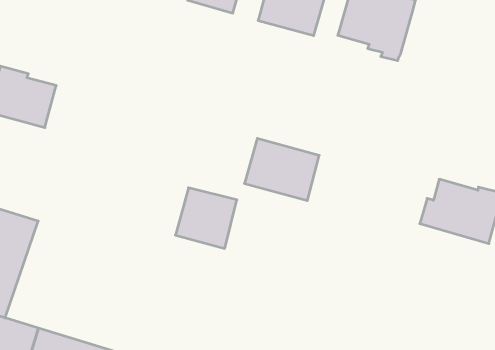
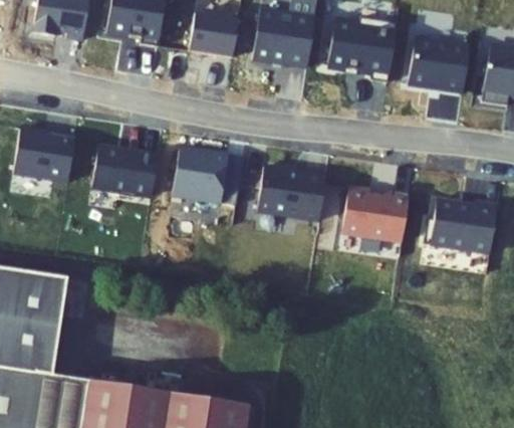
building: none -> [409,40,470,96]
building: none -> [93,149,158,199]
building: none -> [341,190,409,244]
building: [175,188,237,248] -> [174,152,227,204]

